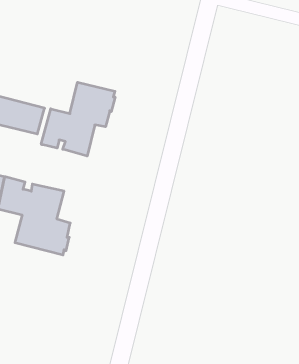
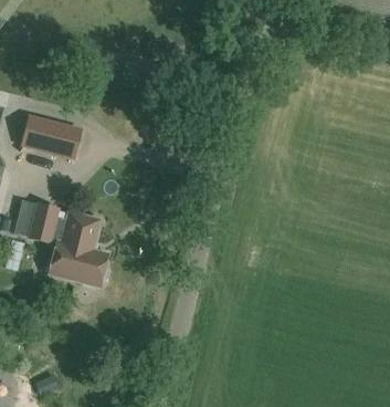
building: [41,82,115,156] -> none

